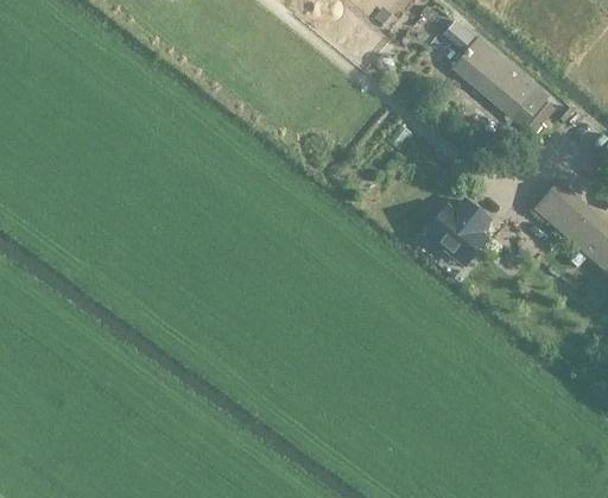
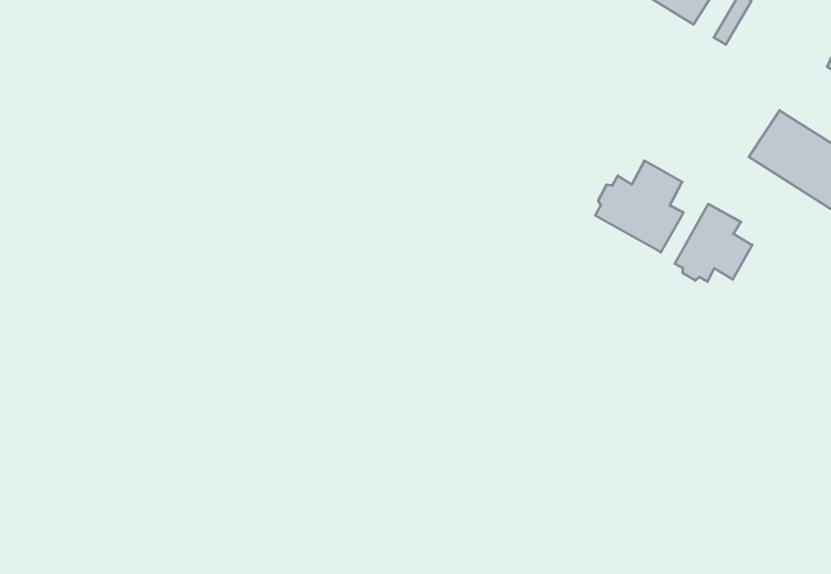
building: none -> [675,204,752,282]

